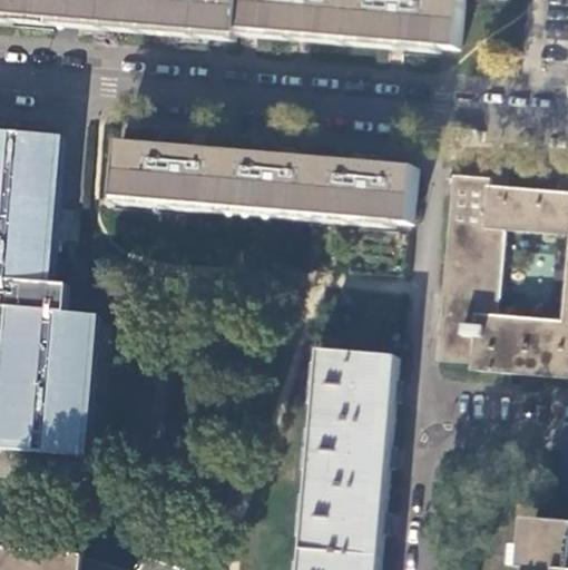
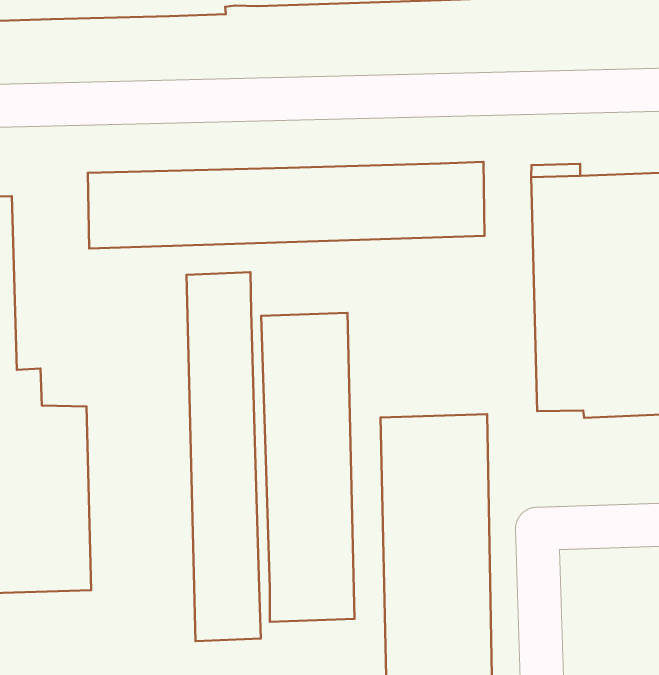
building: none -> [187,272,261,641]
building: none -> [261,313,354,622]

